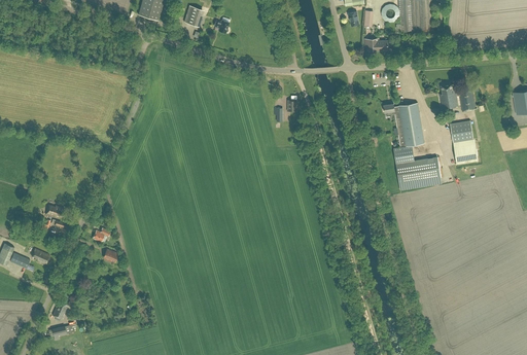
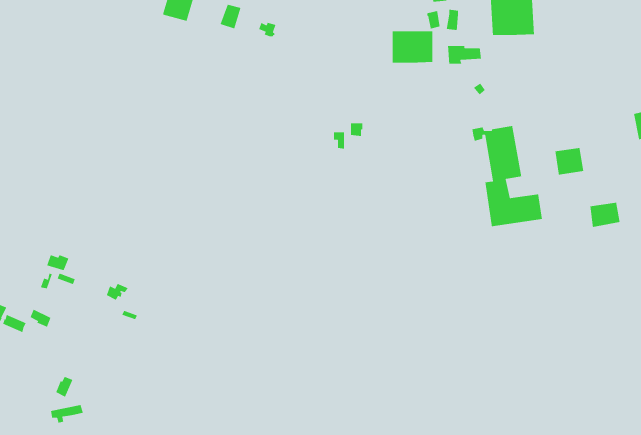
building: none -> [392,31,433,64]
building: [440,84,476,112] -> none
building: [454,144,479,165] -> [590,202,621,228]

